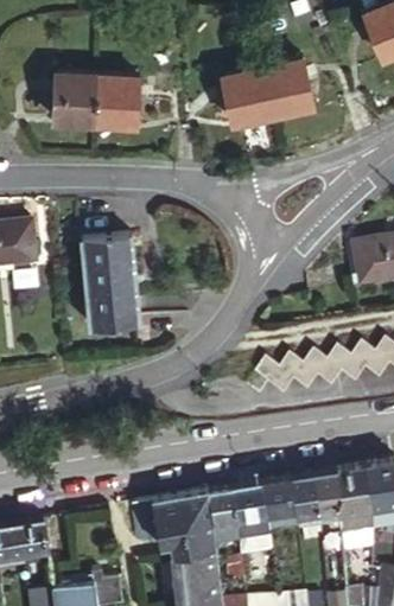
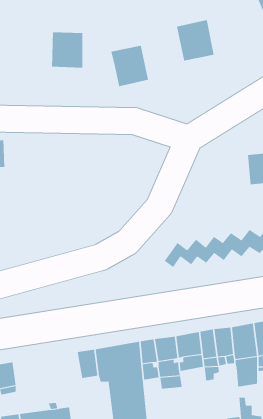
building: [220,69,271,125] -> [111,45,149,87]
building: [55,74,95,123] -> none
building: [80,236,140,327] -> none

